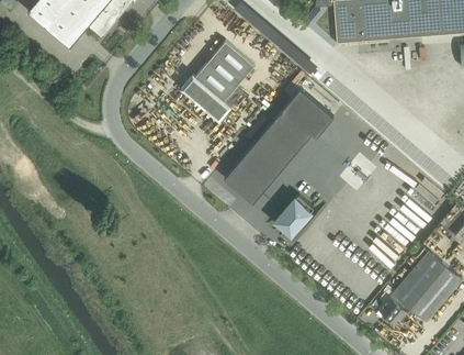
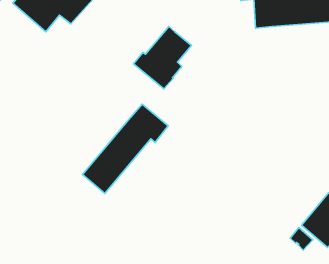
building: [225,88,333,201] -> [82,104,168,194]
building: [276,193,314,233] -> none

